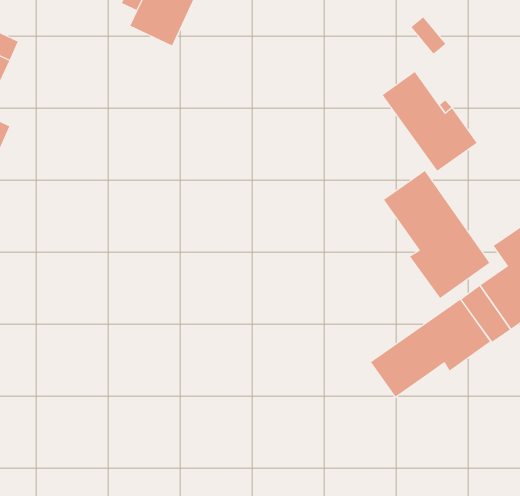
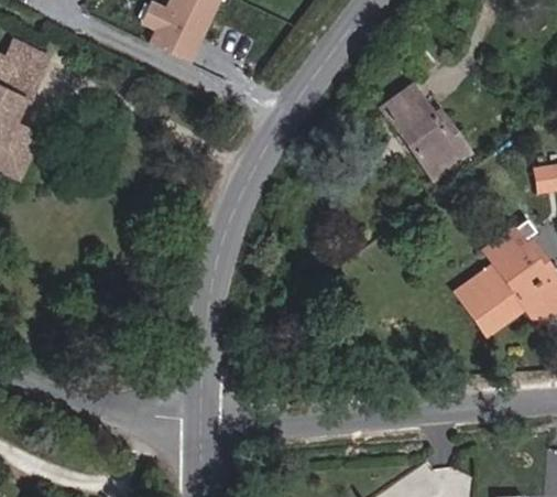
building: [383,170,490,299] -> none
building: [370,299,491,398] -> none

